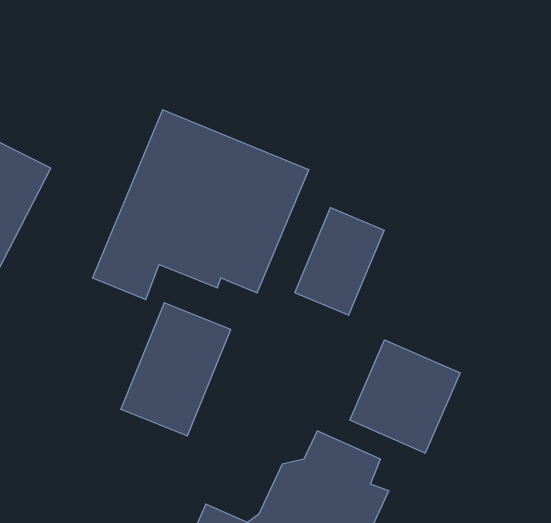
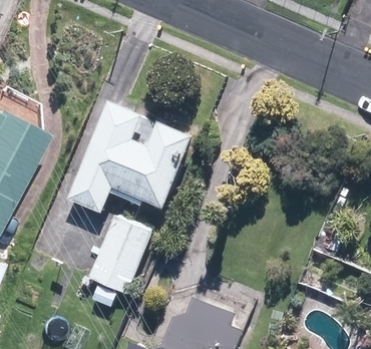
building: [295,208,384,315] -> none
building: [350,340,460,453] -> none

